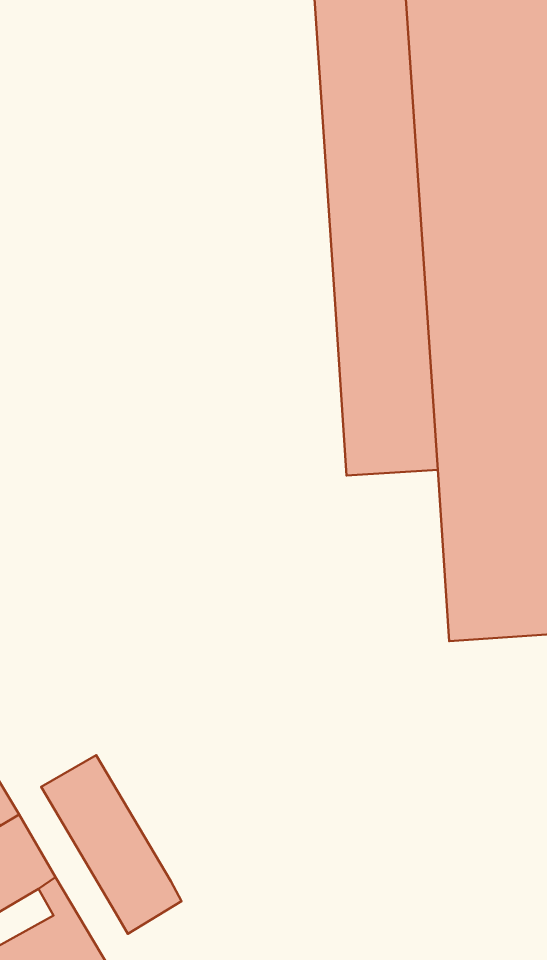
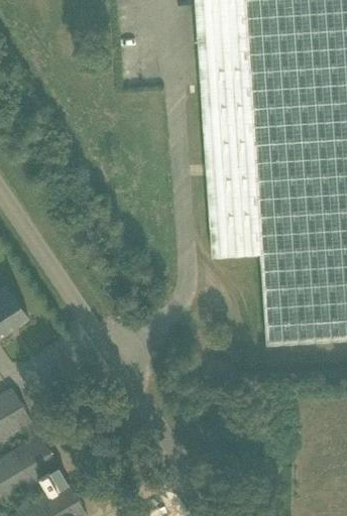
building: [41,755,181,934] -> none

